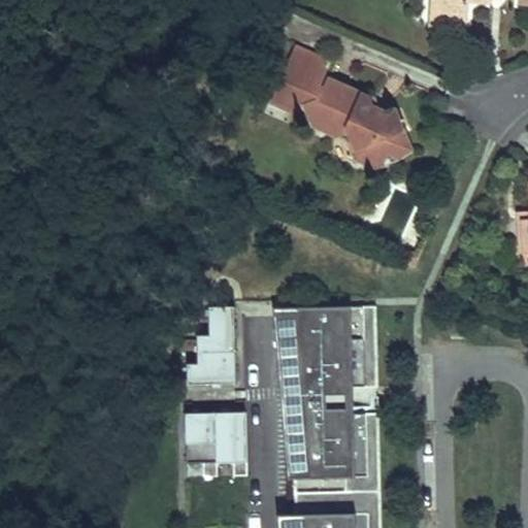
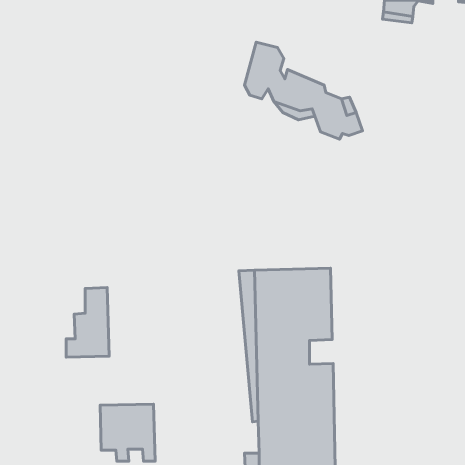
building: [188,305,236,384] -> [66,287,109,357]
building: [186,411,248,475] -> [100,404,155,461]

